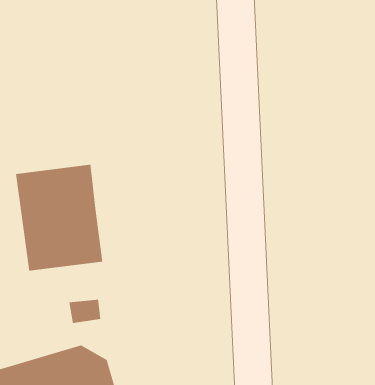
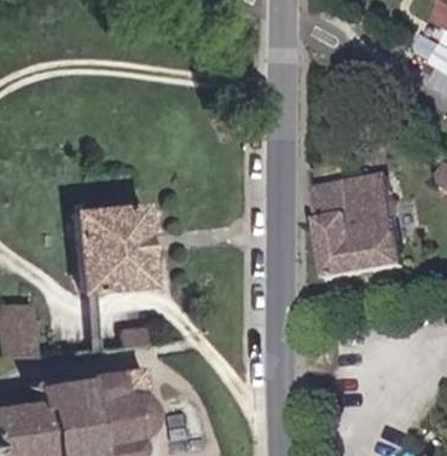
building: none -> [317,180,397,272]

